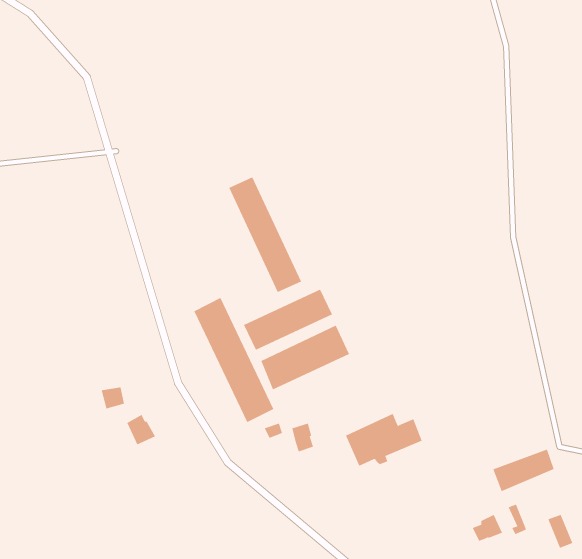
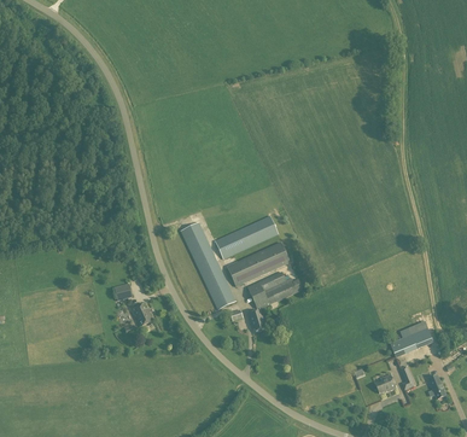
building: [228,177,302,293] -> none
building: [345,413,422,467] -> [246,270,300,308]

